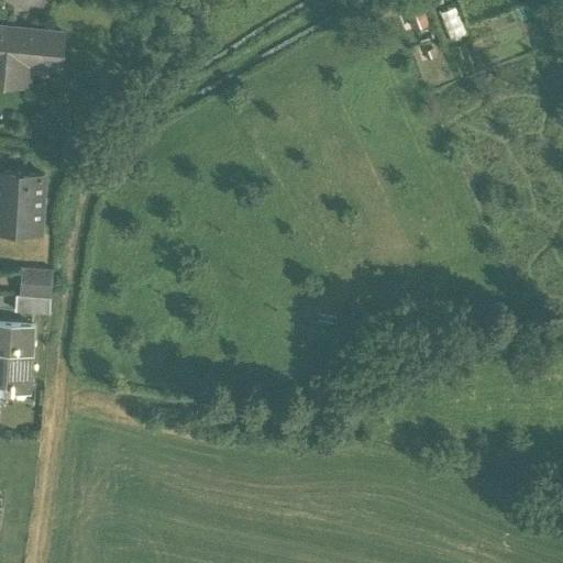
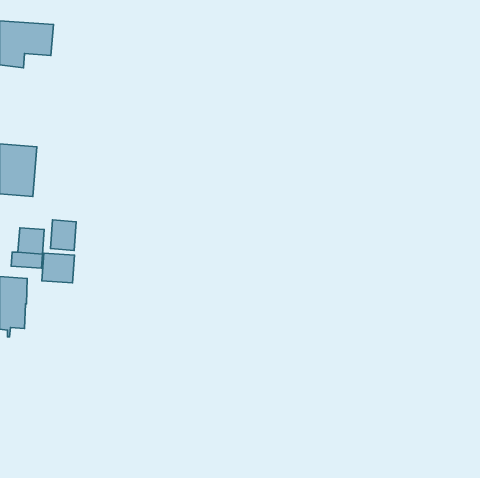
building: none -> [50,220,76,250]
building: none -> [42,253,74,283]

